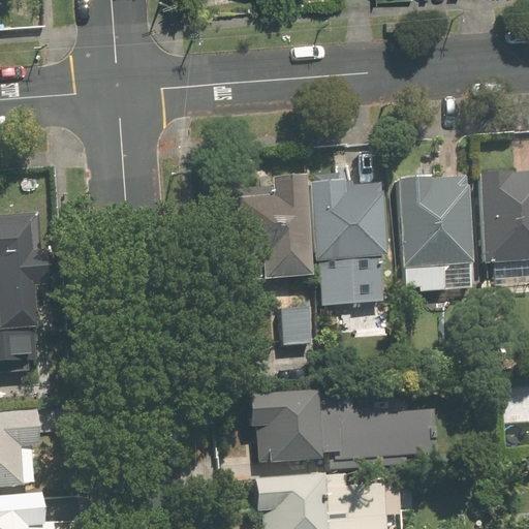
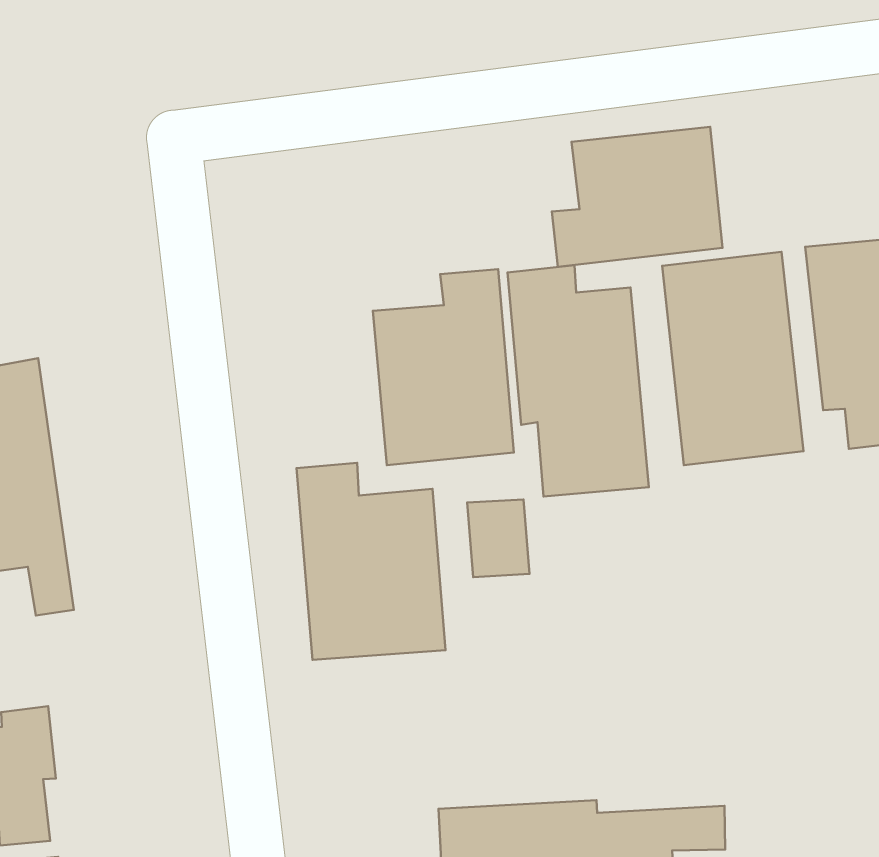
building: none -> [552,127,723,267]
building: none -> [296,463,445,660]
building: [219,392,432,476] -> none

